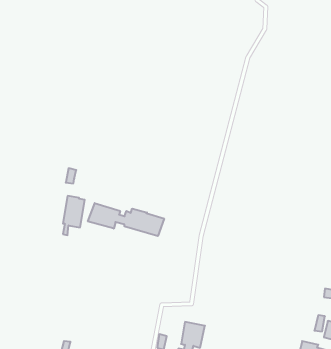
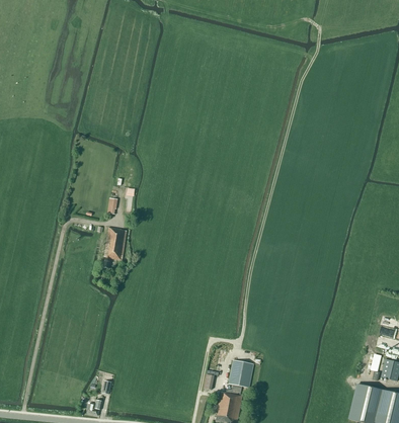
building: [88,203,164,236] -> none

